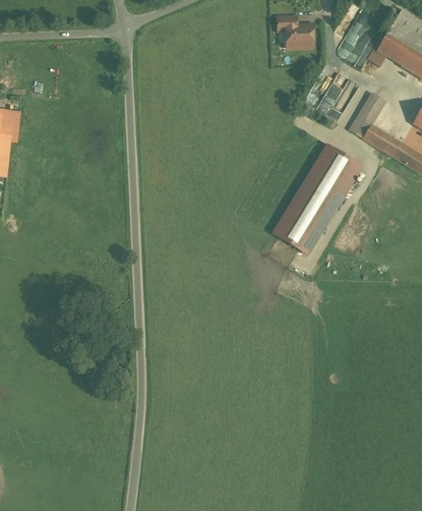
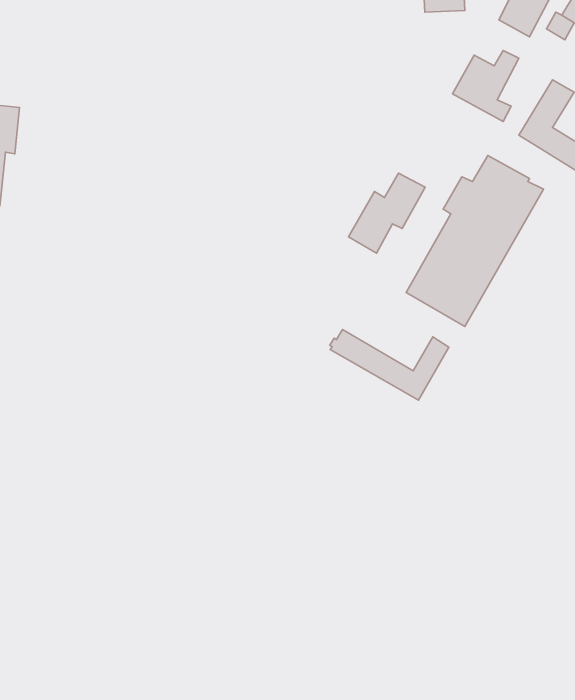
building: none -> [348,173,425,253]
building: none -> [330,330,449,400]

